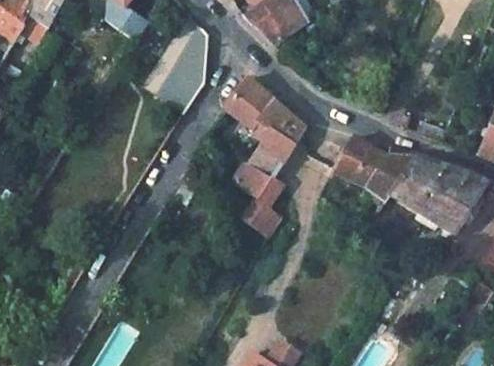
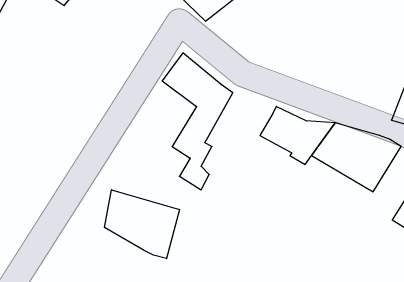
building: [157,27,206,114] -> none
building: none -> [105,190,180,259]

